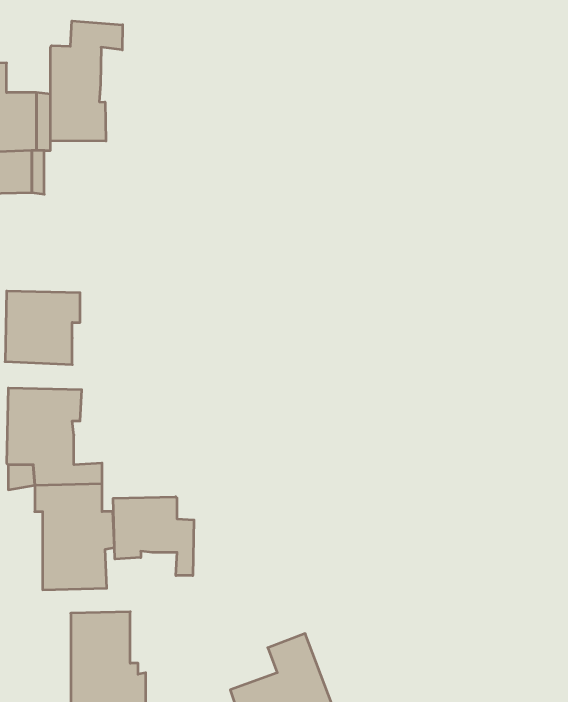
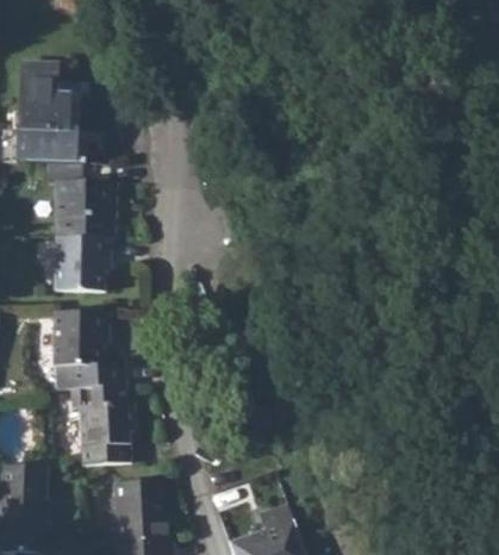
building: [50,21,123,141] -> none
building: none -> [54,181,117,239]
building: [113,497,194,576] -> none

